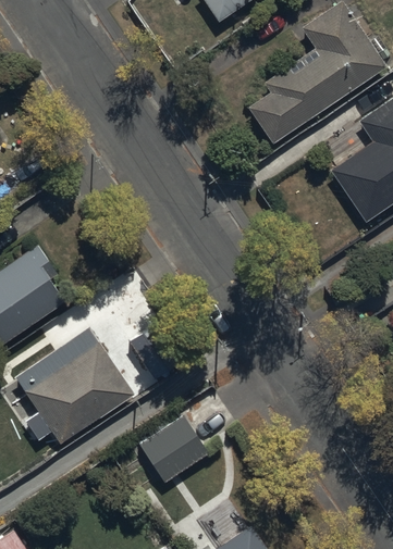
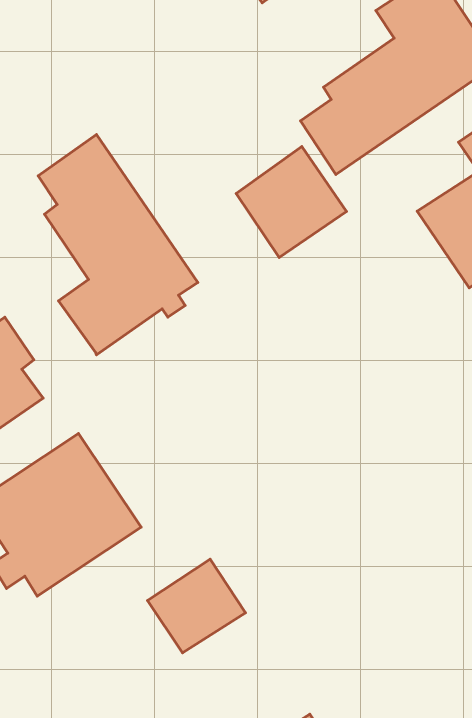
building: none -> [38,135,198,355]
building: none -> [236,146,346,258]

